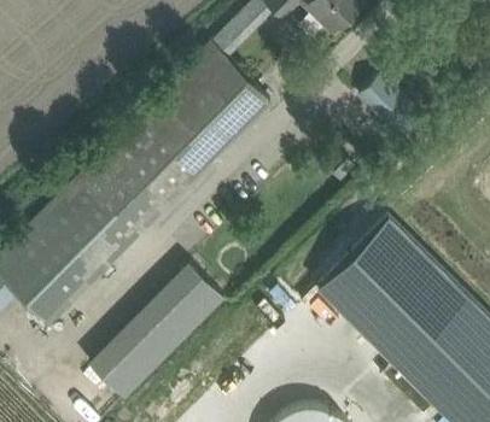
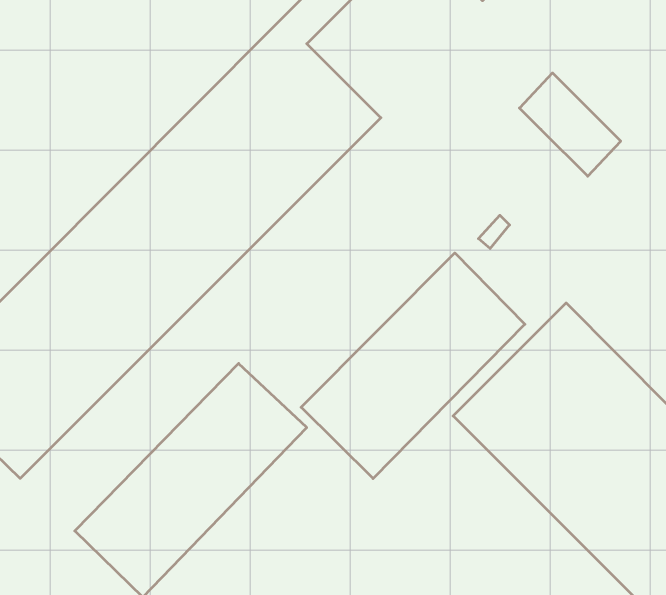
building: none -> [301,253,525,479]

